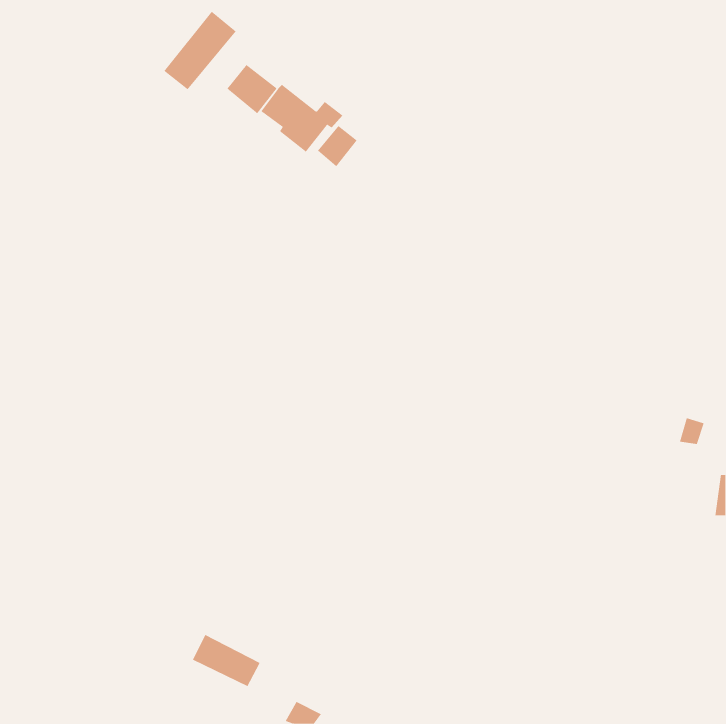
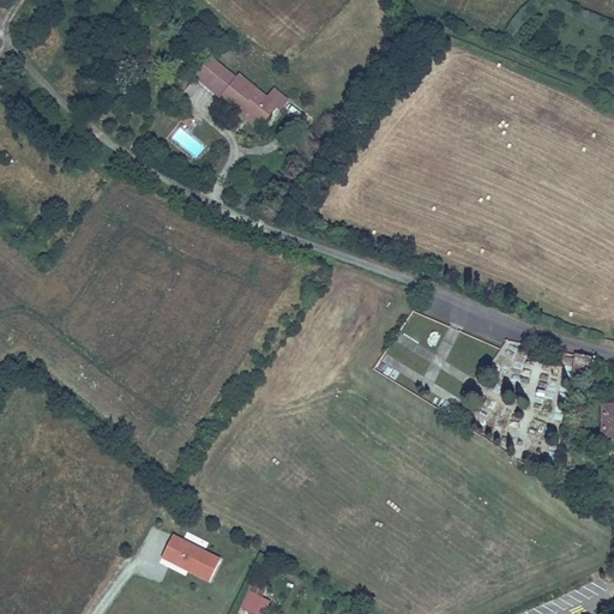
building: [163,11,237,90] -> none
building: [317,125,358,167] -> none

